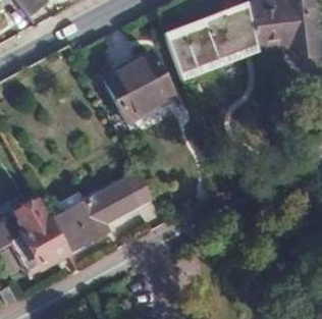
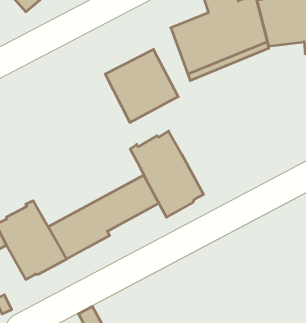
building: none -> [130,131,203,217]

